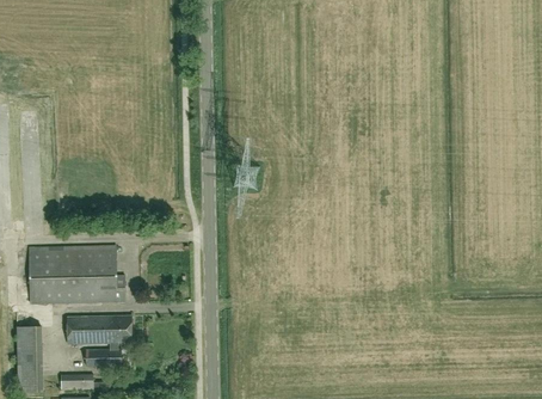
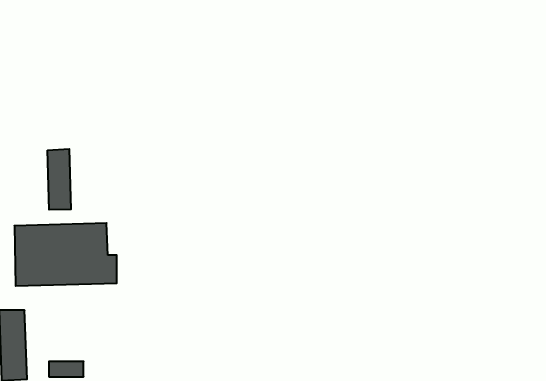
building: none -> [48,149,71,210]
building: [66,314,131,366] -> none

